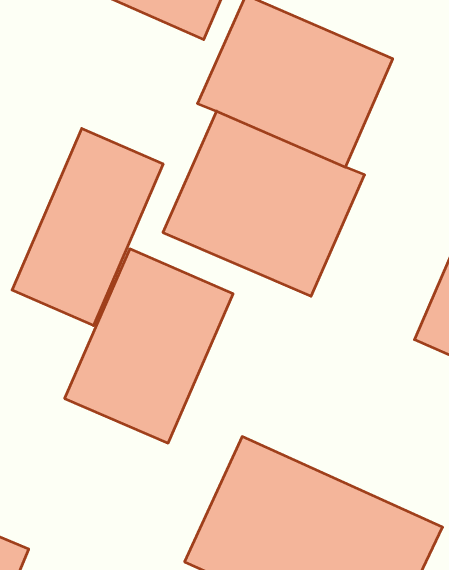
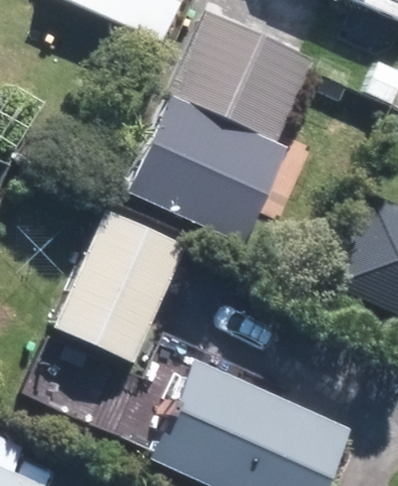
building: [12,128,163,326] -> none

